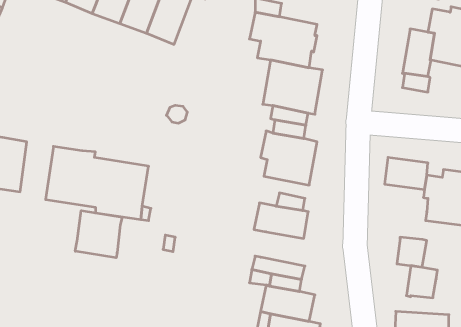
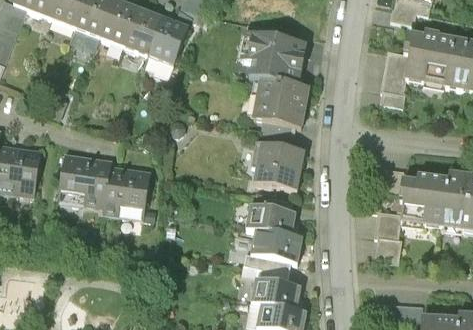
building: [75,211,122,258] -> none
building: none -> [252,237,301,269]
building: [406,266,437,298] -> [374,215,402,244]

